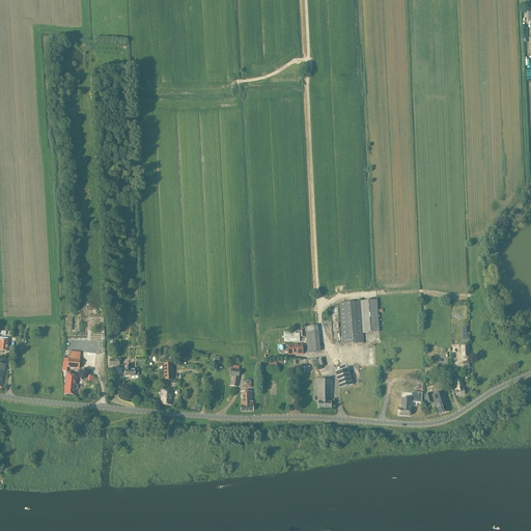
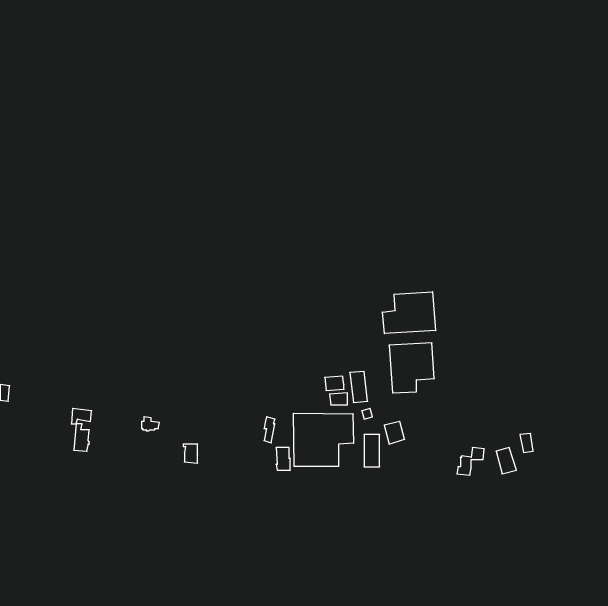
building: none -> [382,292,436,334]
building: none -> [293,413,353,466]

